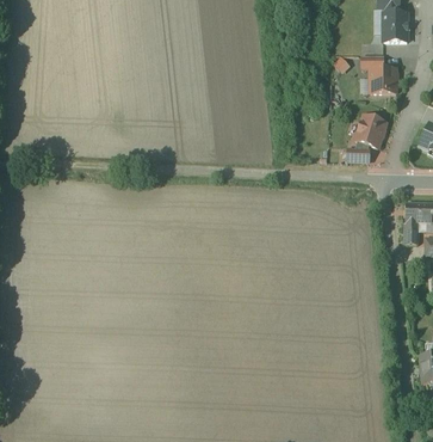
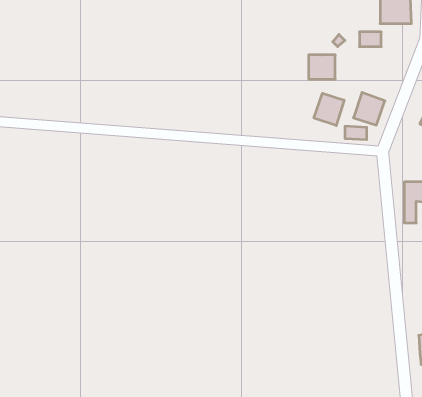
building: [370,69,396,93] -> [309,55,335,79]
building: none -> [314,93,344,126]

